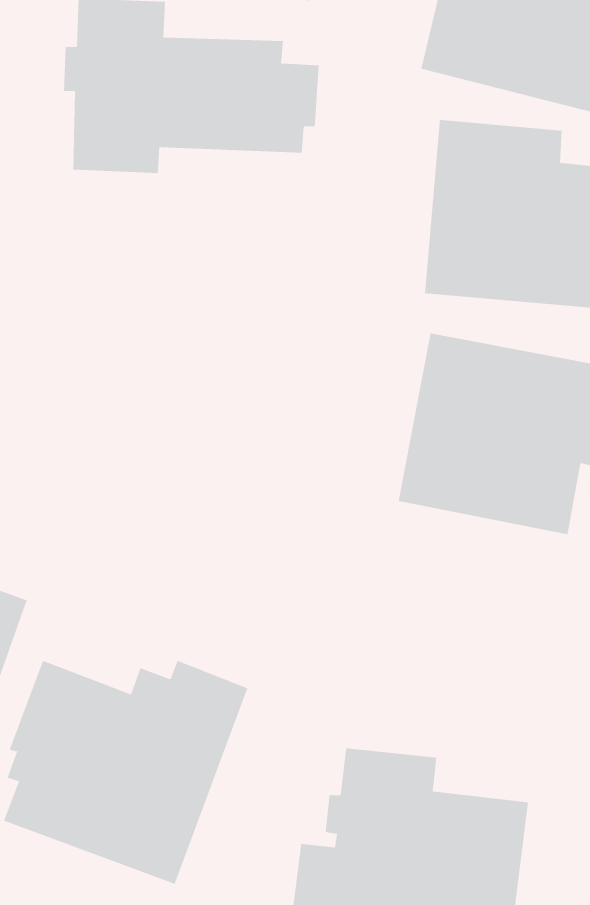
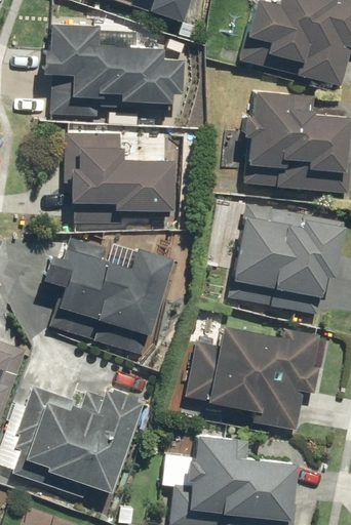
building: none -> [63,133,176,224]
building: none -> [46,238,171,356]
building: none -> [184,325,321,431]

